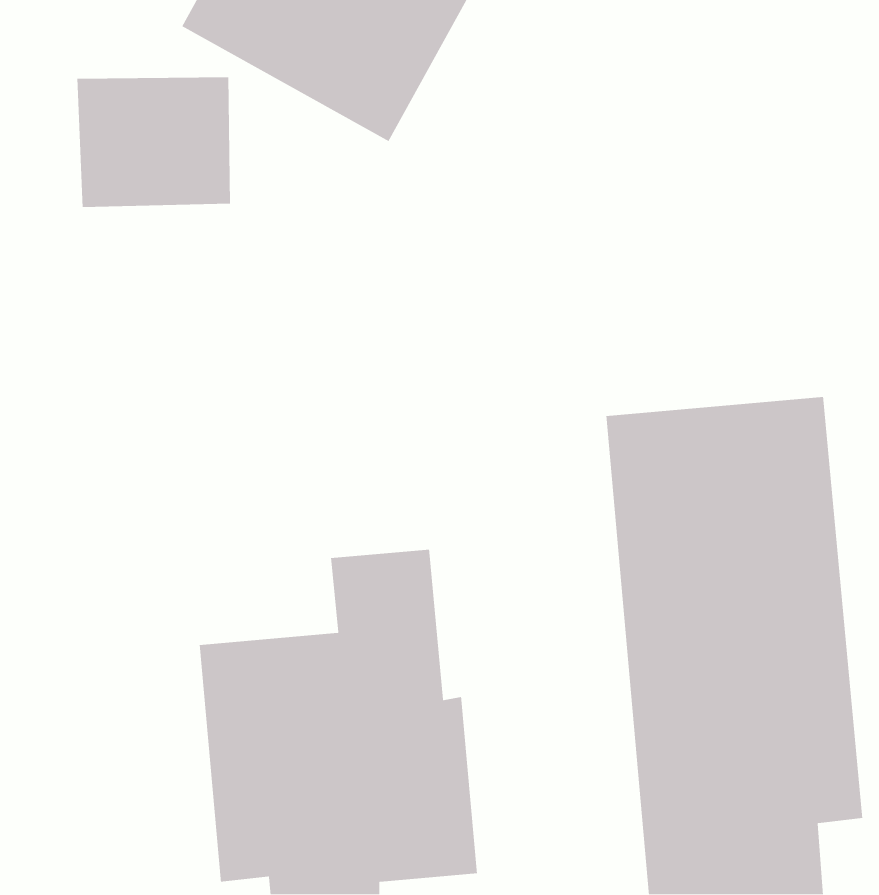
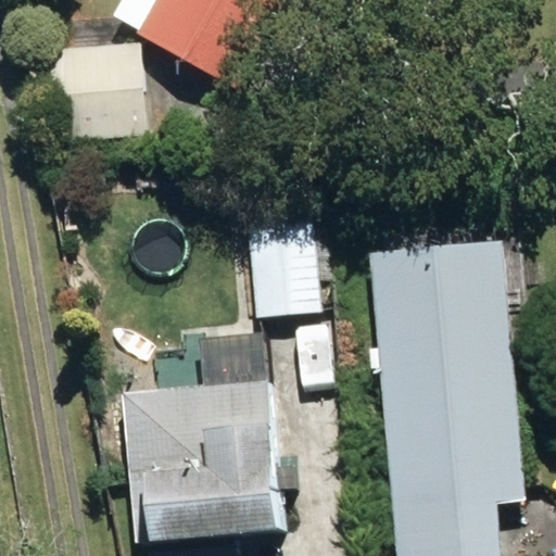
building: none -> [245,206,316,315]

